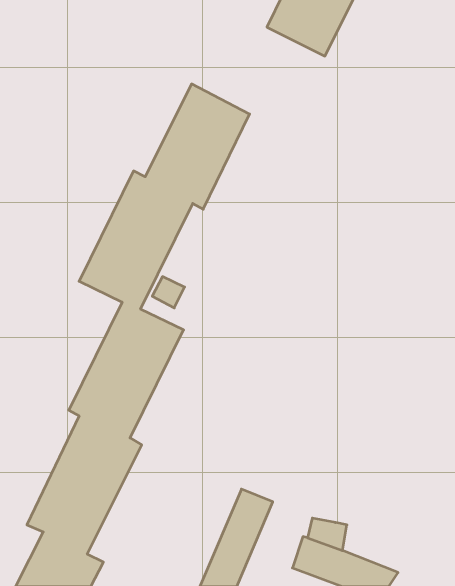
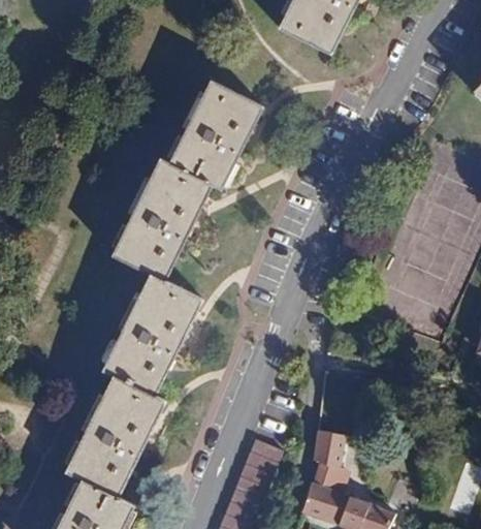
building: none -> [313,430,345,470]

